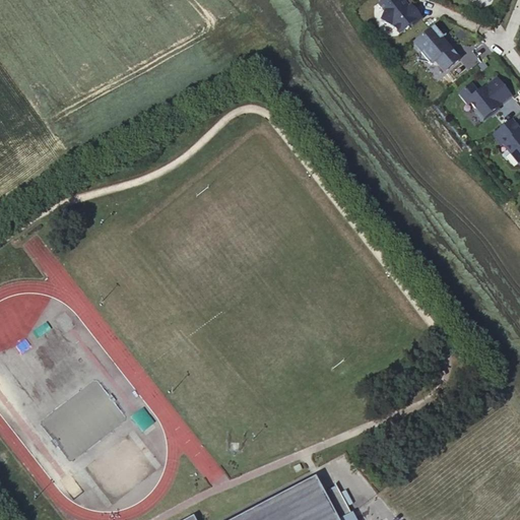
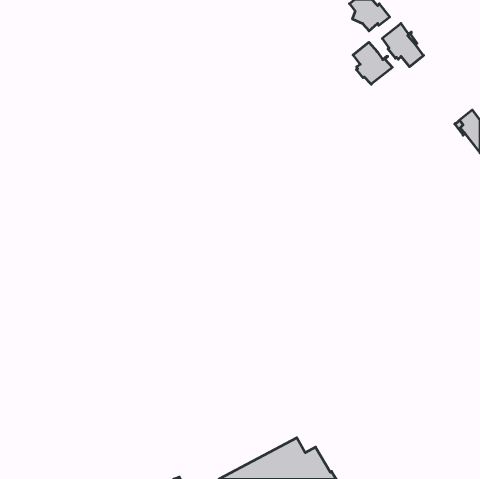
building: none -> [353,42,392,84]
building: [458,77,511,122] -> none

